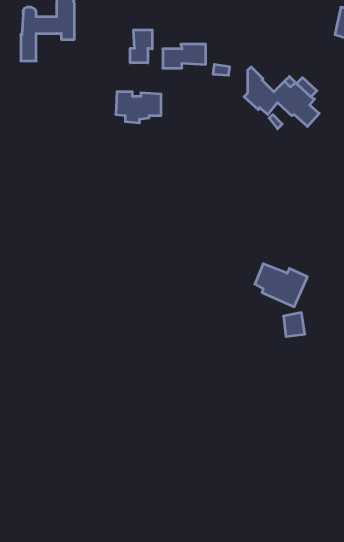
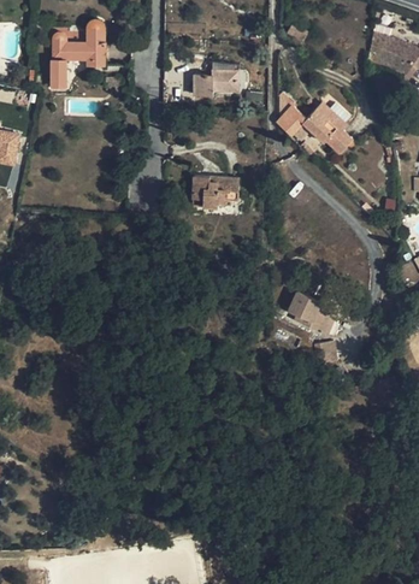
building: [130,30,152,63] -> none
building: [116,92,161,123] -> [193,176,238,207]

